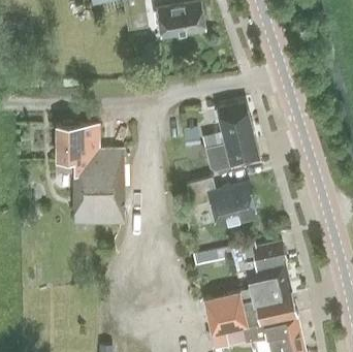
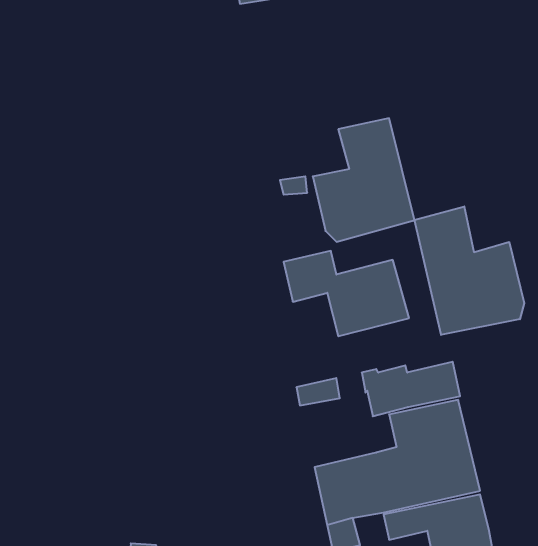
building: [56,123,124,236] -> none
building: none -> [415,206,524,335]

